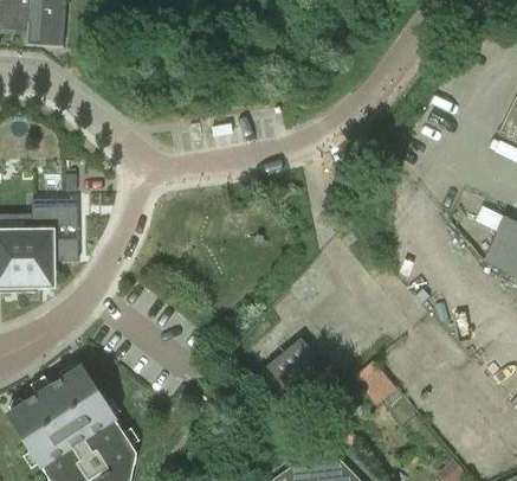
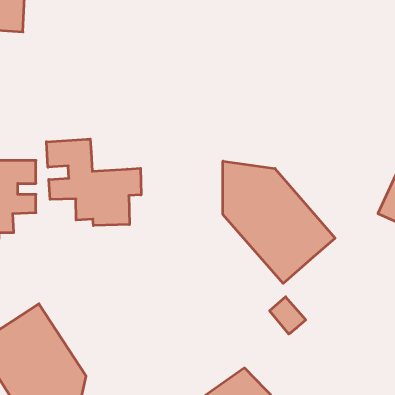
building: none -> [46,139,141,226]
building: none -> [223,161,335,283]
building: [266,339,328,400] -> none

